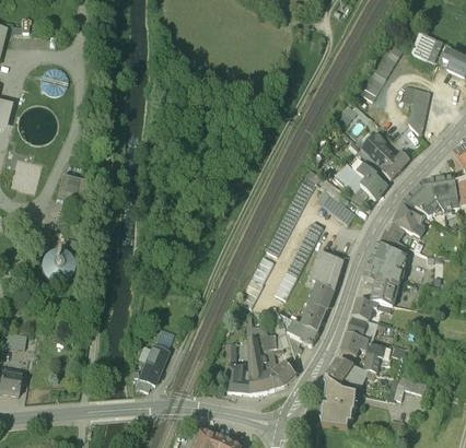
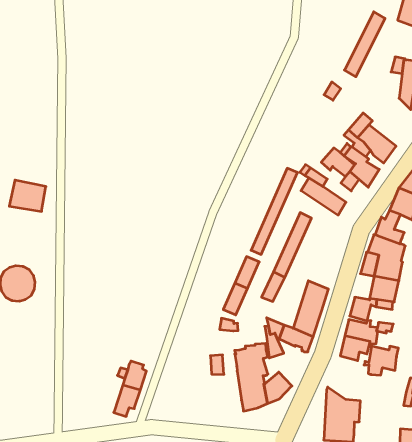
building: [313,249,343,290] -> none
building: [327,357,368,386] -> none
building: [226,364,252,393] -> none

